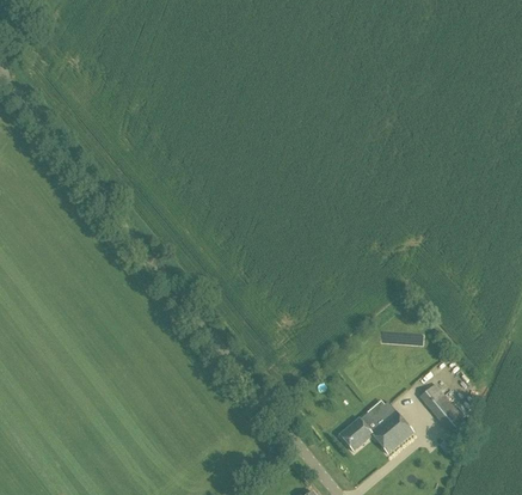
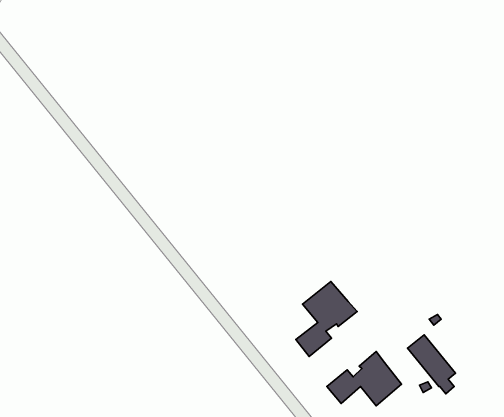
building: none -> [296,282,357,356]

